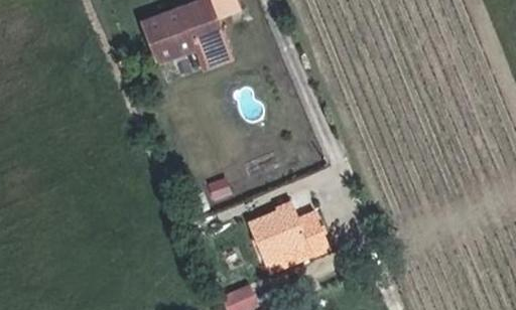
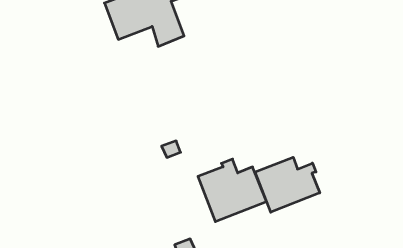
building: none -> [255,157,320,212]

